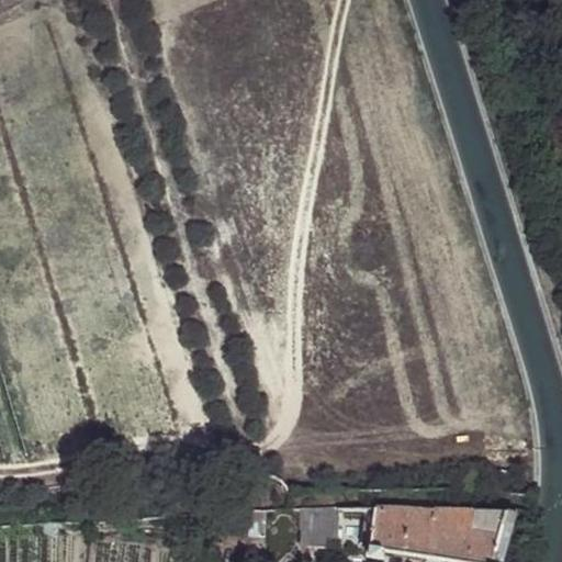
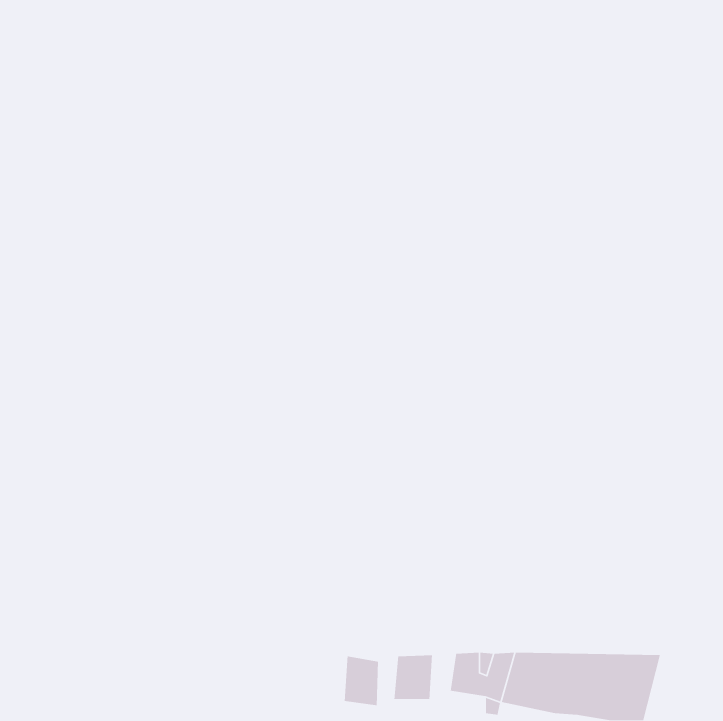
building: none -> [344,656,379,706]

